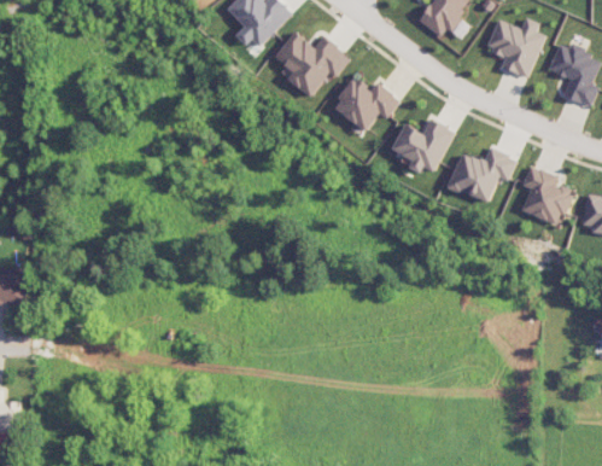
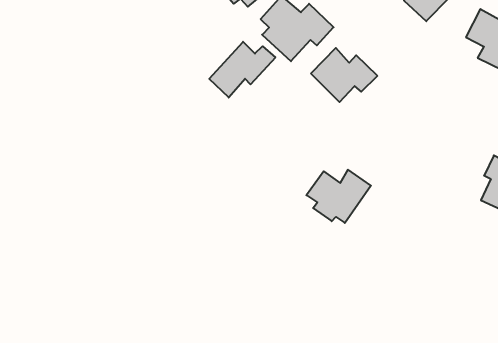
building: none -> [209,42,275,98]
building: [391,118,455,173] -> [306,170,371,223]
building: [446,148,516,204] -> none

